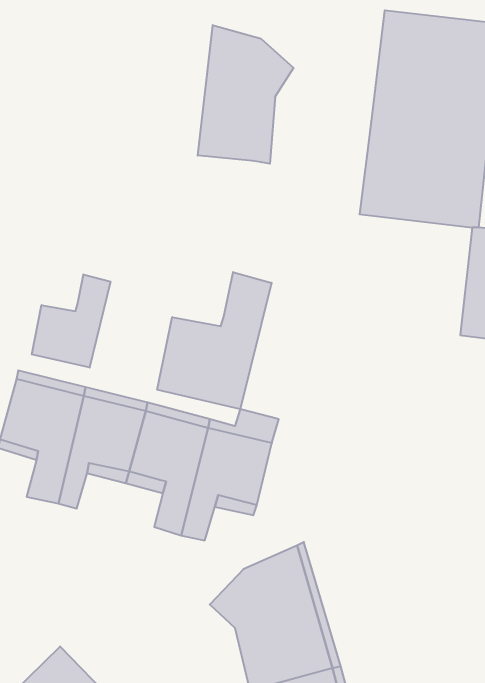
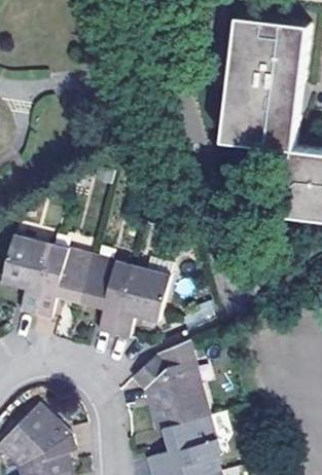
building: [198,25,294,164] -> none
building: [157,272,272,409] -> none
building: [32,274,110,368] -> none

